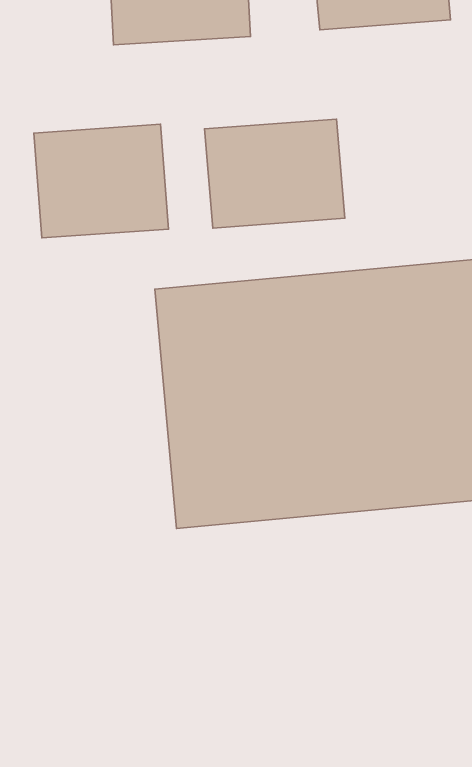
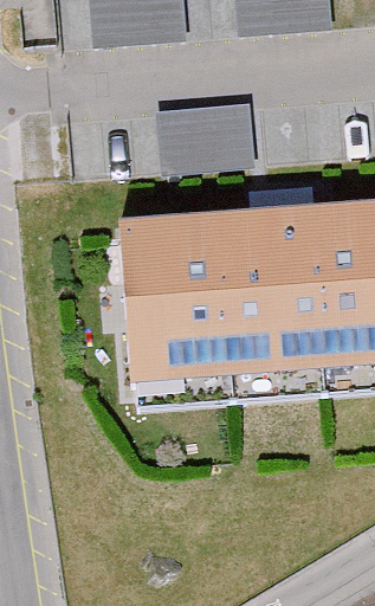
building: [34,124,168,238] -> none

